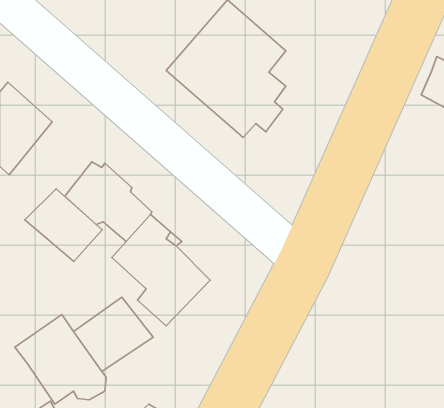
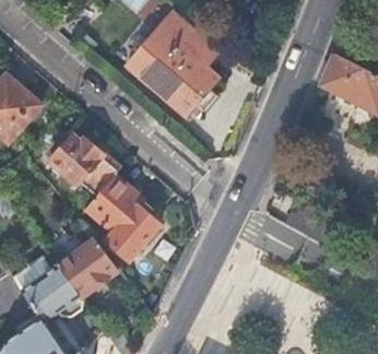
building: [25,189,102,261] -> none

